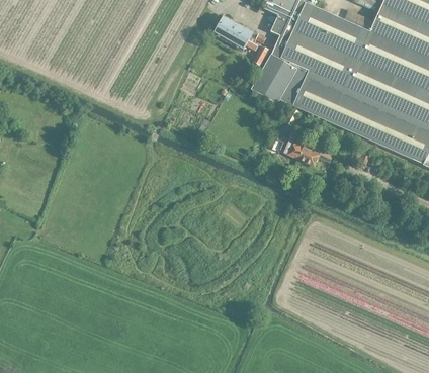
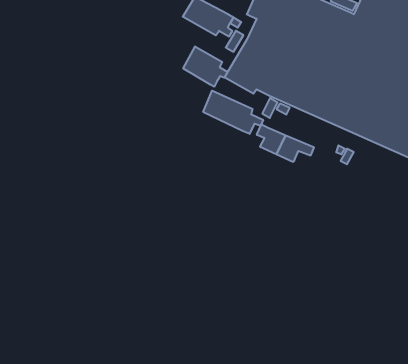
building: none -> [183,46,228,87]
building: none -> [203,91,263,134]

